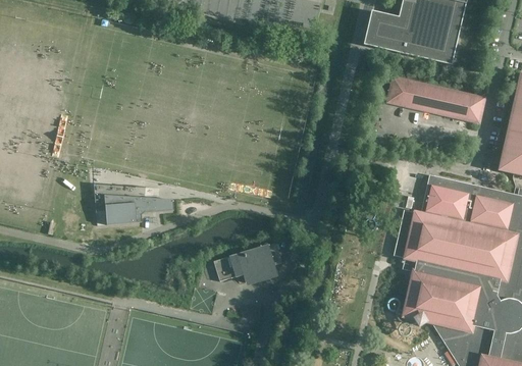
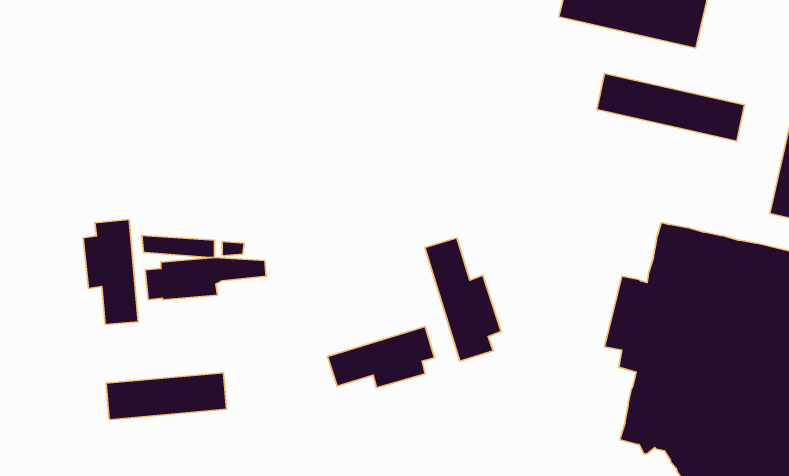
building: none -> [83,220,138,325]
building: none -> [425,238,501,361]
building: none -> [106,373,227,420]

